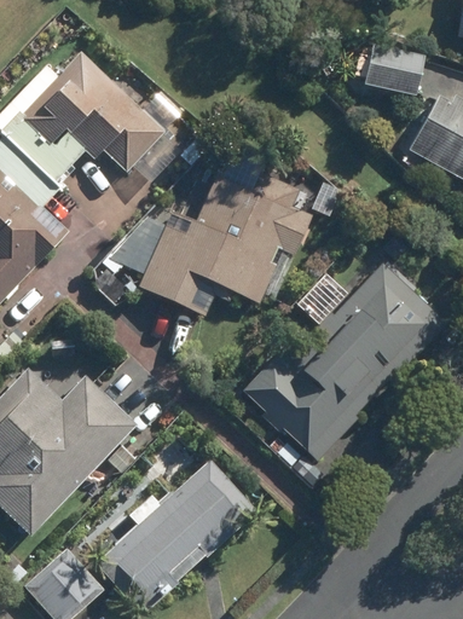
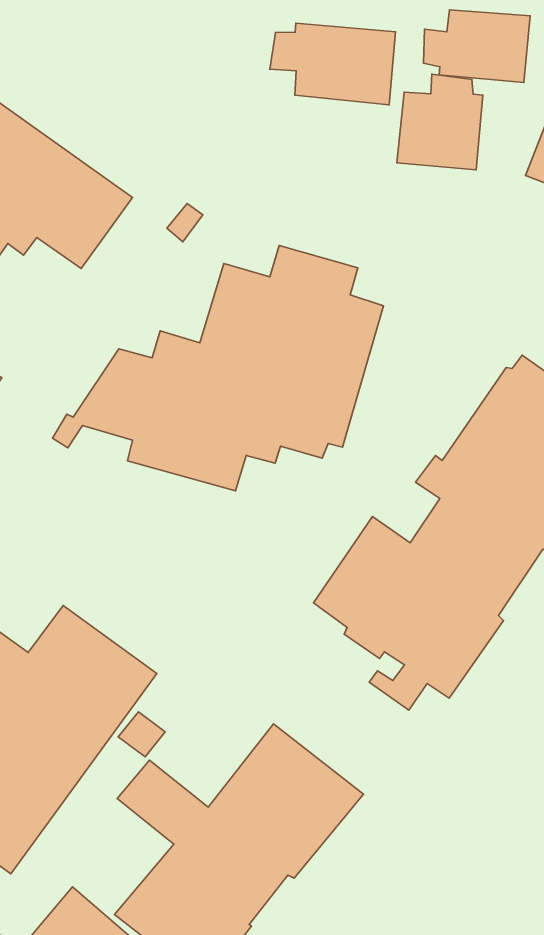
building: none -> [270,23,395,105]
building: none -> [397,74,483,170]

